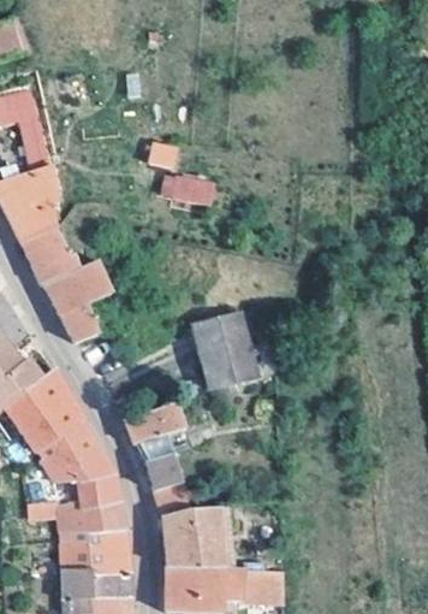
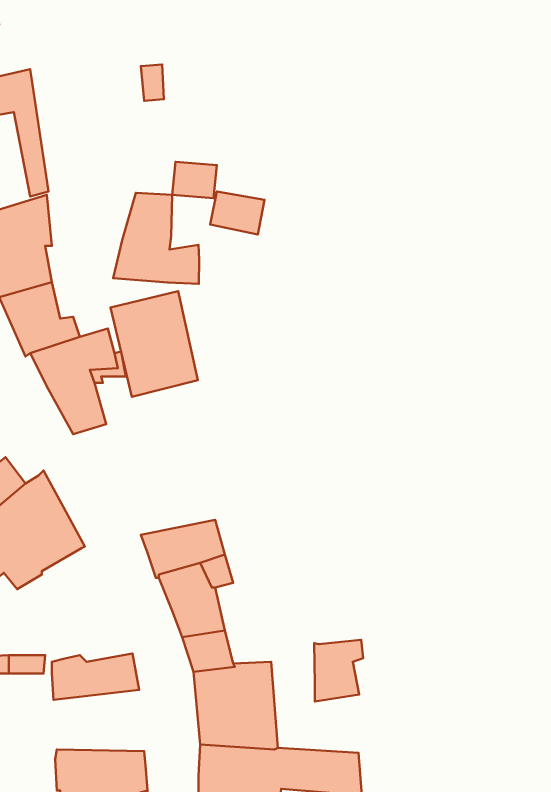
building: none -> [113,193,199,284]
building: [194,313,257,390] -> [110,291,198,397]
building: [52,424,118,507] -> none
building: none -> [314,640,363,701]
building: [60,527,126,572] -> none

